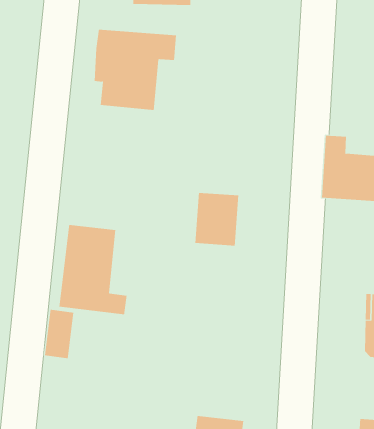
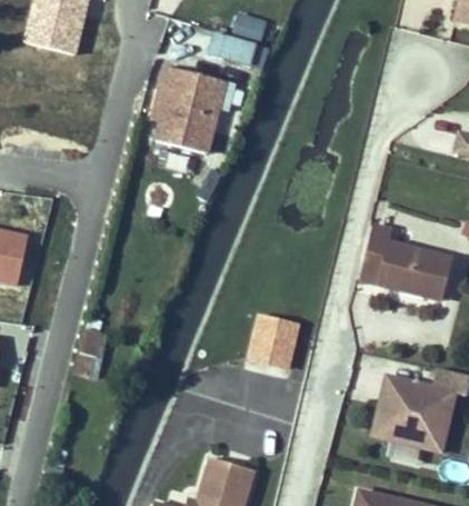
building: [194,192,239,246] -> [249,315,298,370]
building: [59,224,127,315] -> none

